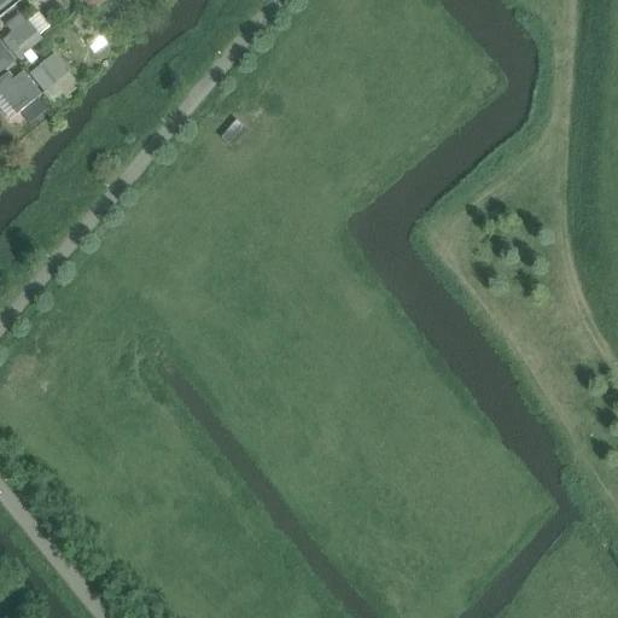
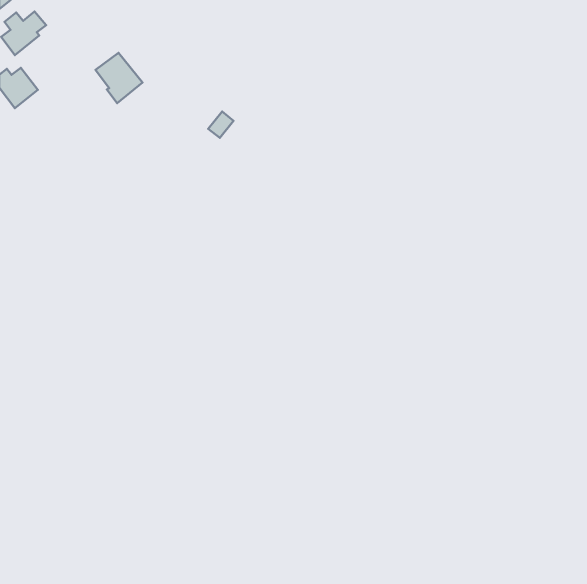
building: [29,53,78,106] -> [95,53,143,103]

